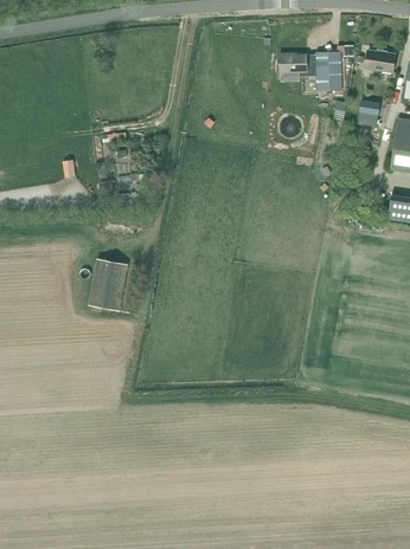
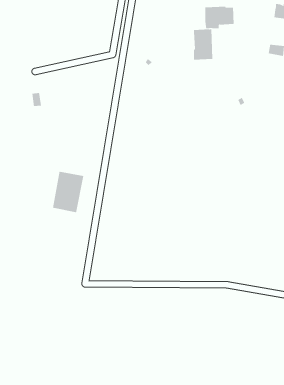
building: [316,51,341,90] -> [193,29,213,60]

